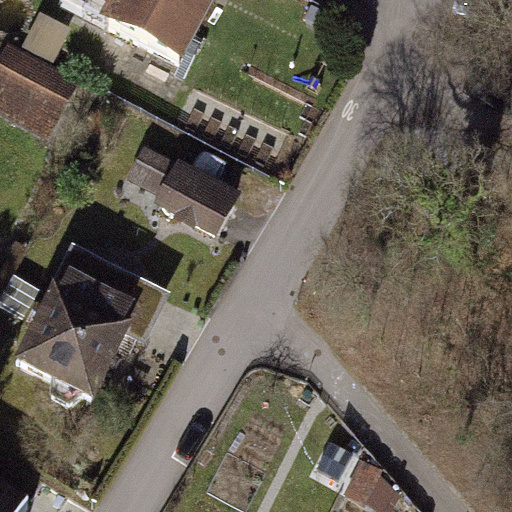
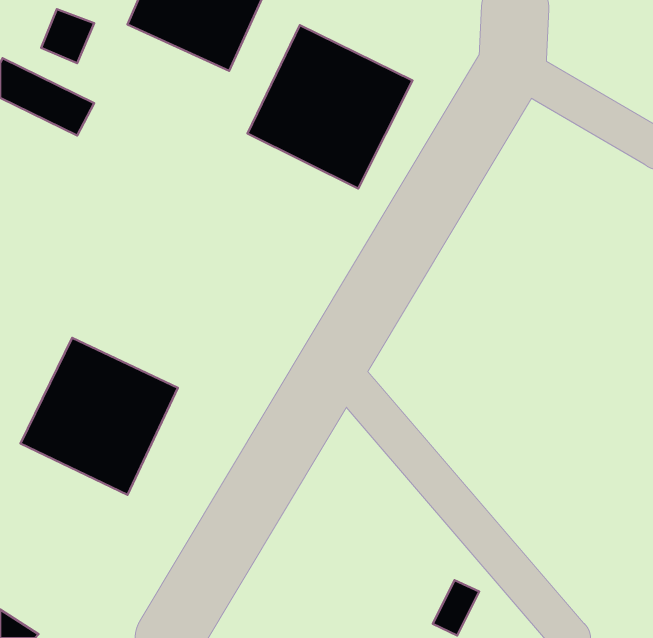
building: none -> [247,25,413,189]
building: [121,147,242,245] -> none

